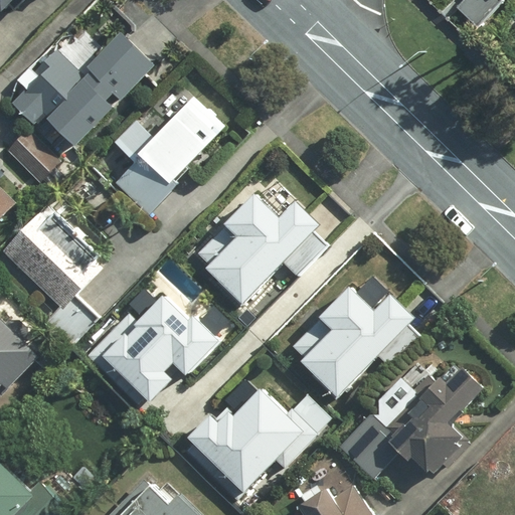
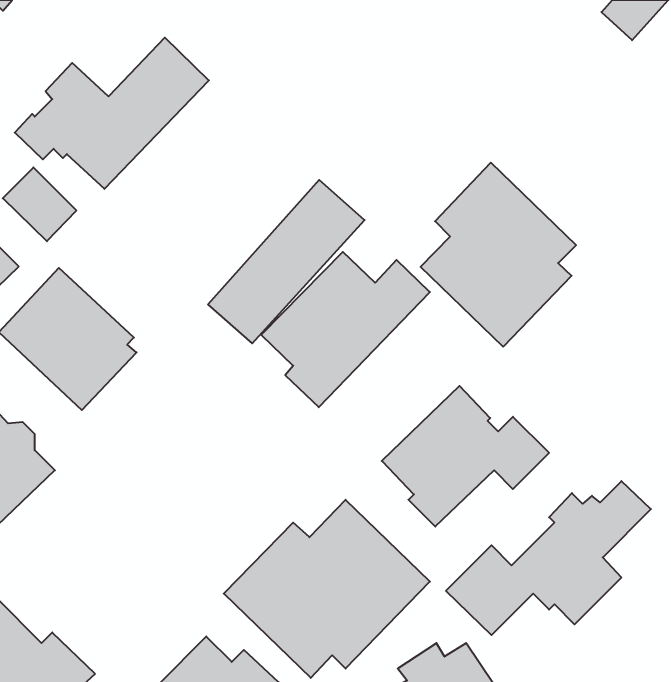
building: [112,93,229,215] -> [208,180,365,343]
building: none -> [421,163,576,347]
building: [80,299,213,406] -> none

